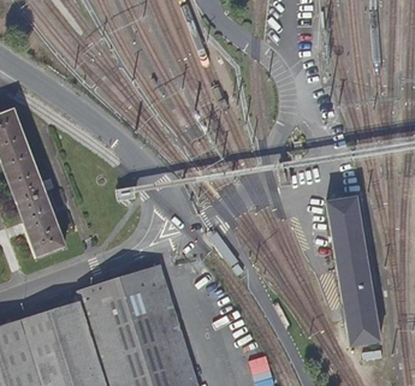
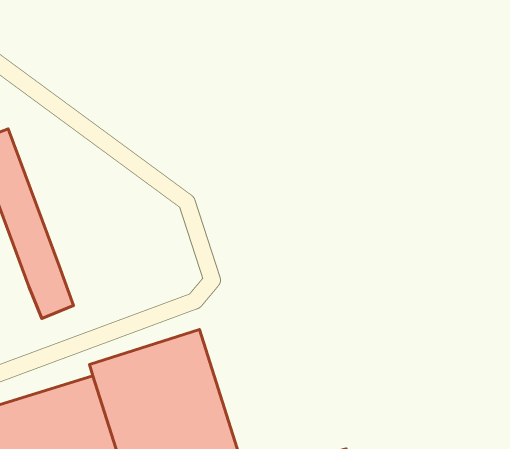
building: [322,196,379,348] -> none

